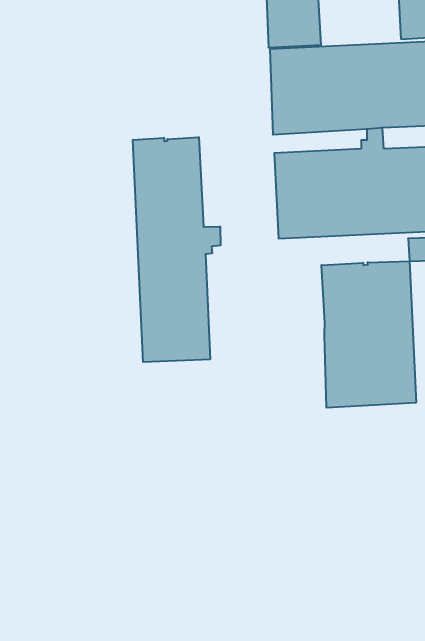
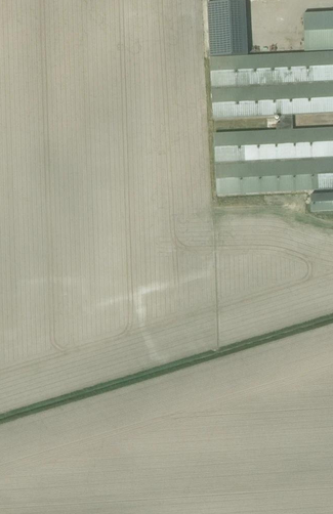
building: [133,137,220,362] -> none
building: [321,261,416,408] -> none

